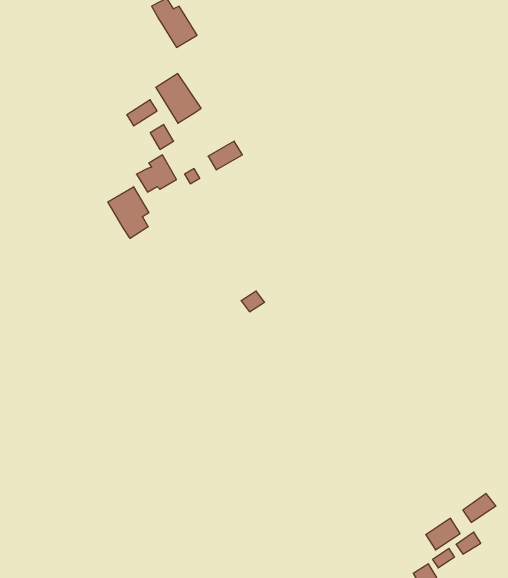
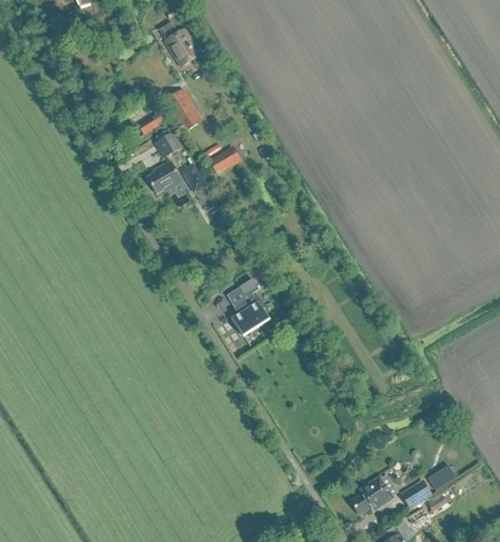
building: [108,187,149,238] -> none
building: none -> [229,298,271,339]
building: none -> [350,479,393,515]

